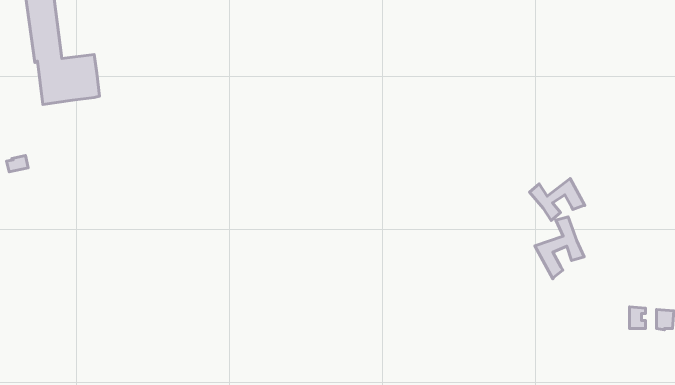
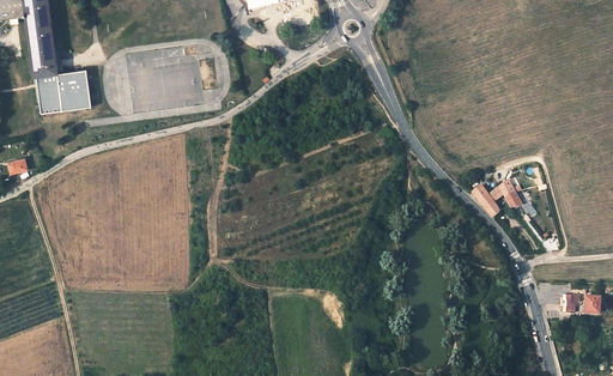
building: [535,217,584,279] -> none

